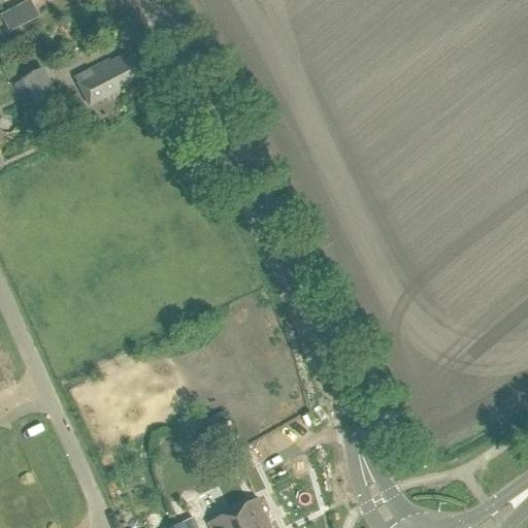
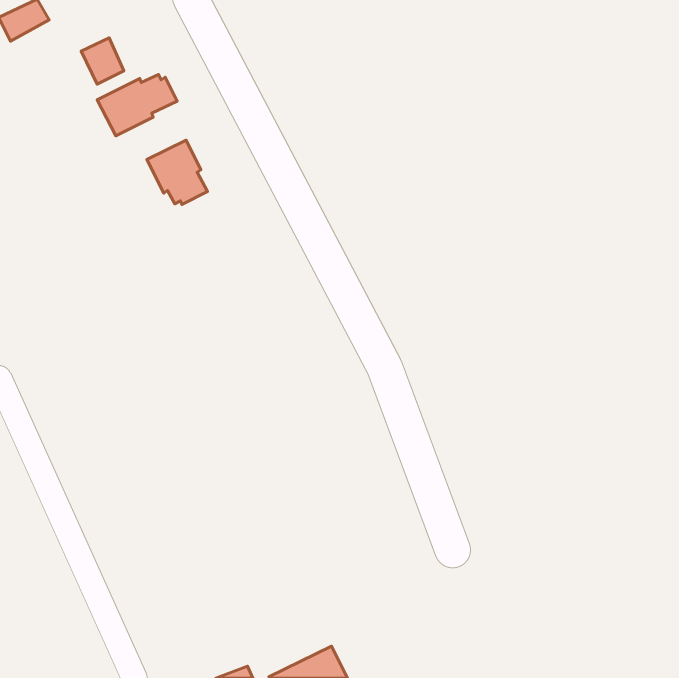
building: [20,68,53,104] -> [81,38,124,84]
building: none -> [147,140,208,205]

